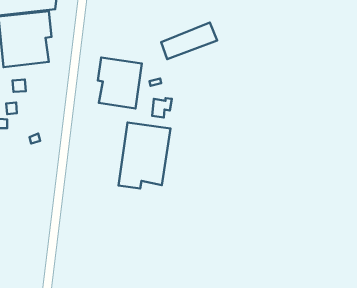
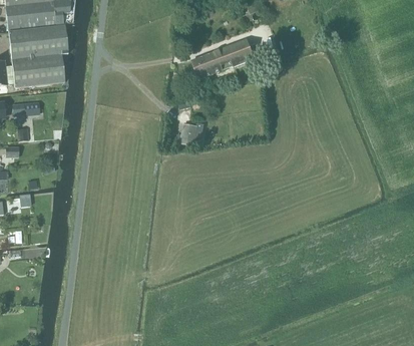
building: [98,58,142,109] -> none
building: [118,122,170,189] -> none

